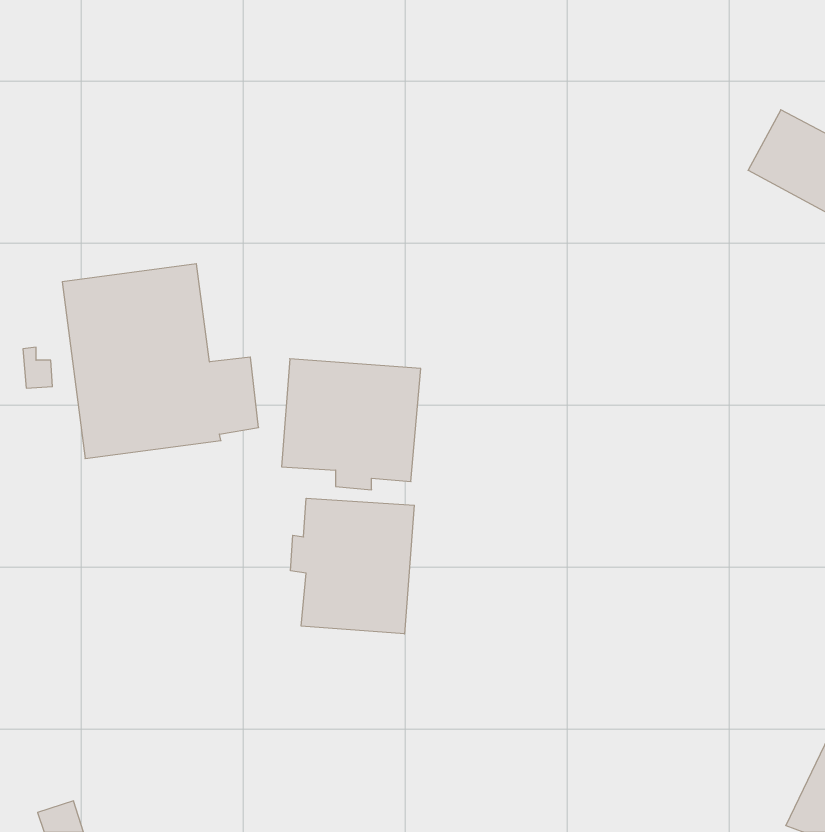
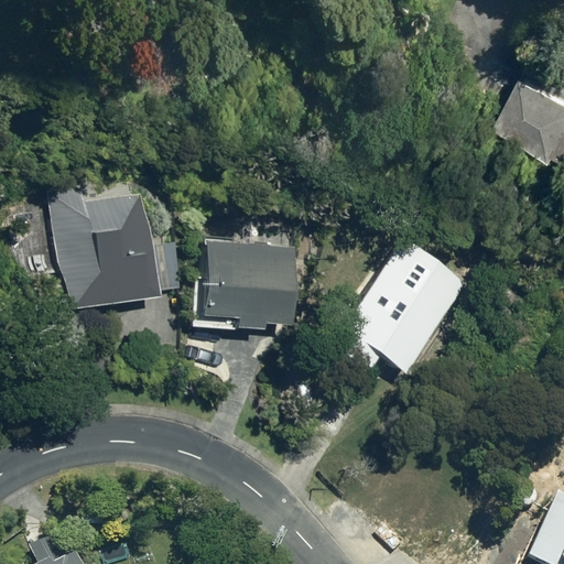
building: none -> [329,251,459,375]
building: [291,498,414,634] -> none

